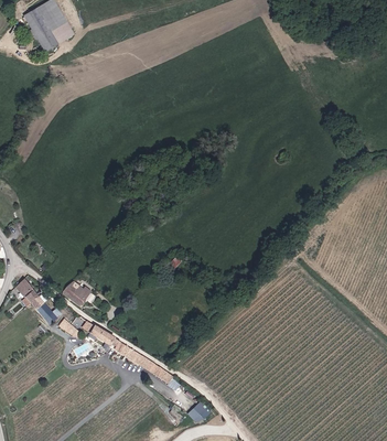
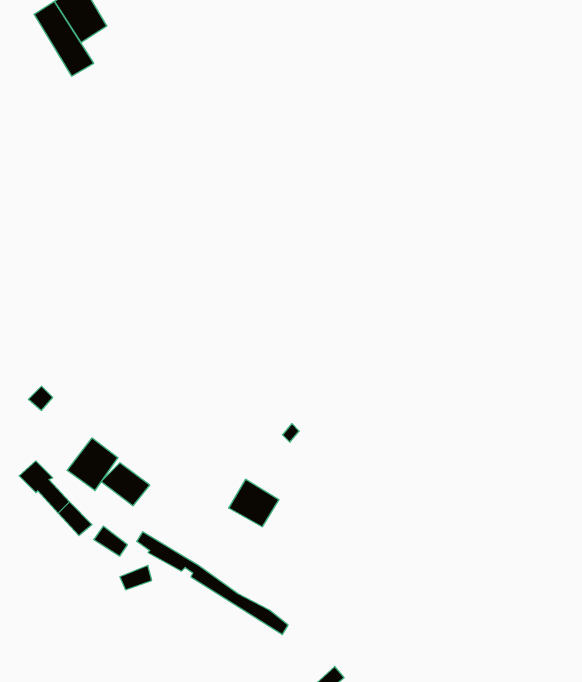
building: none -> [67,438,118,491]
building: none -> [229,479,279,527]

